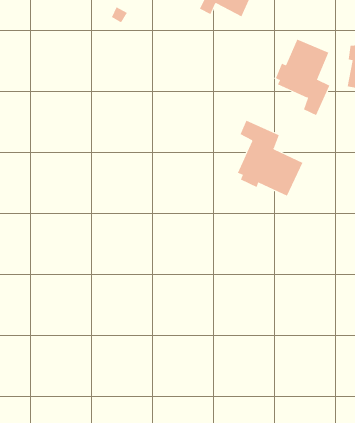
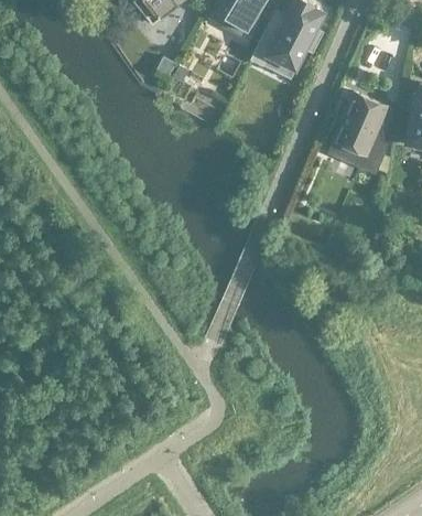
building: [237,120,303,196] -> none

